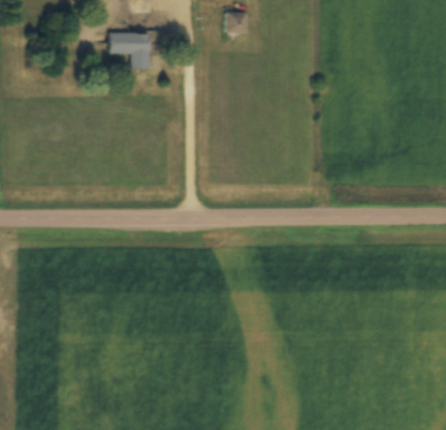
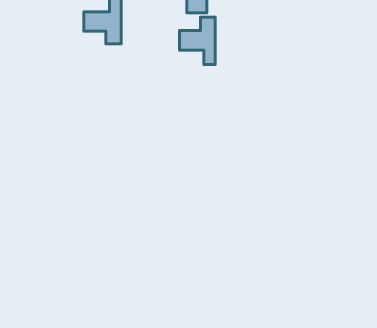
building: none -> [180,17,215,65]

